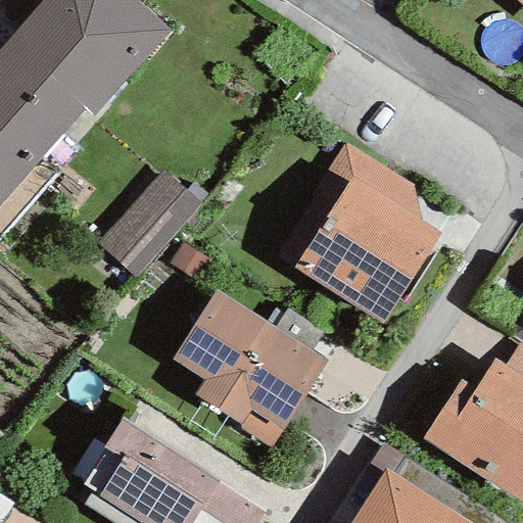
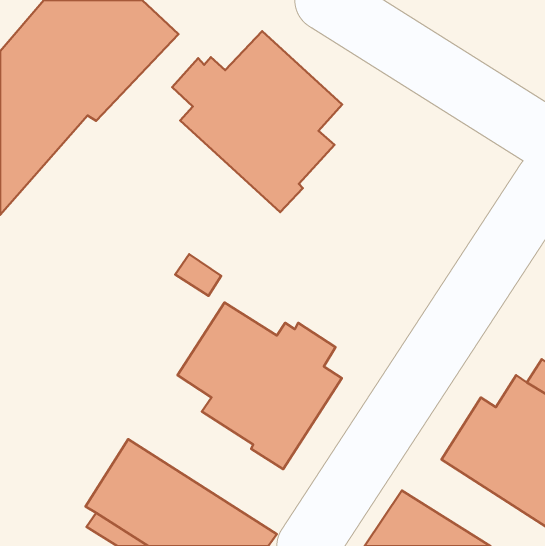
building: none -> [172,31,342,212]
building: [276,143,441,326] -> none
building: [97,171,201,277] -> none

